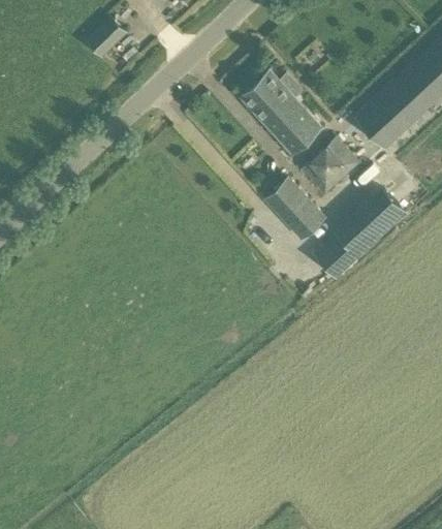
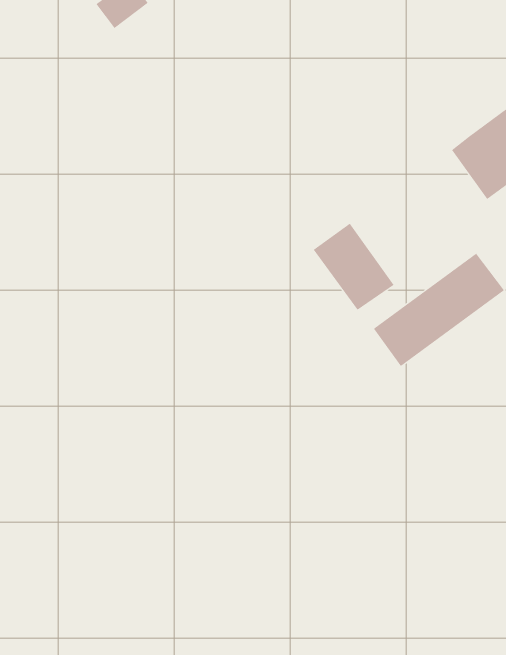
building: [241,71,321,154] -> none
building: [304,139,360,195] -> none

